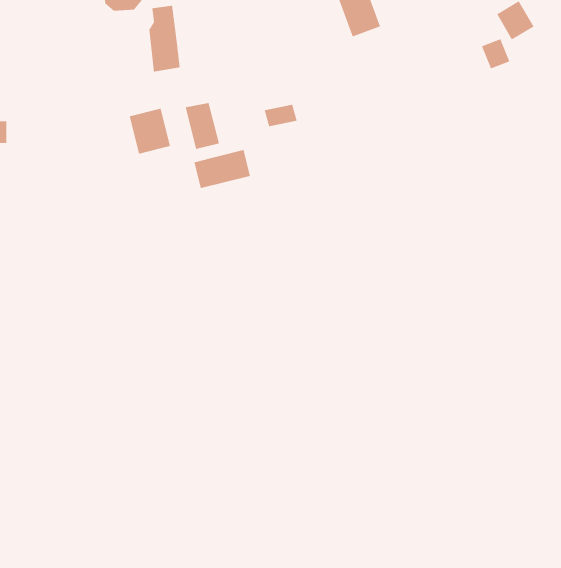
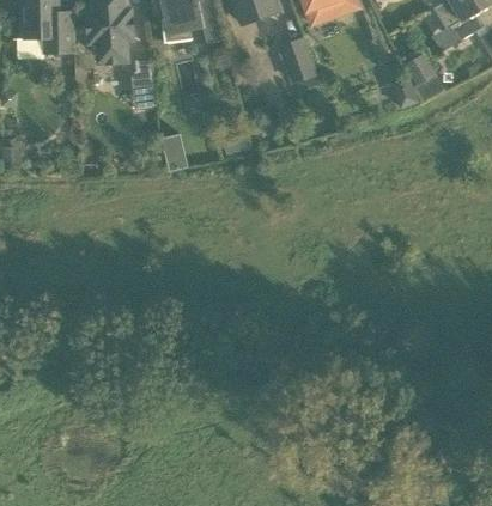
building: [129,108,171,154] -> none
building: [194,149,251,189] -> none

